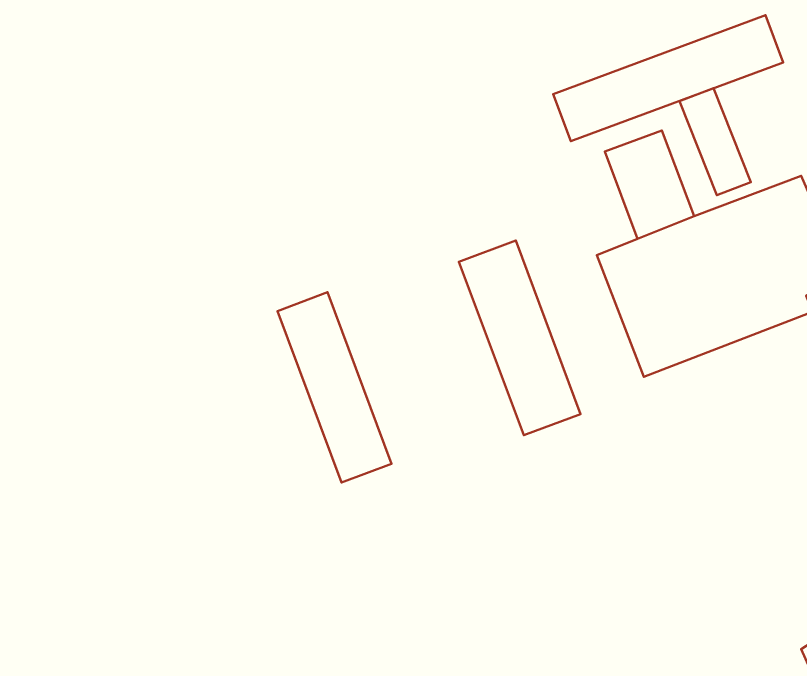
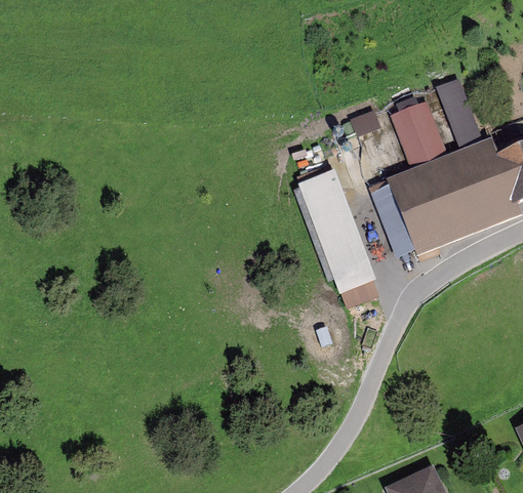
building: [553,15,783,141] -> none
building: [277,292,392,483] -> none

